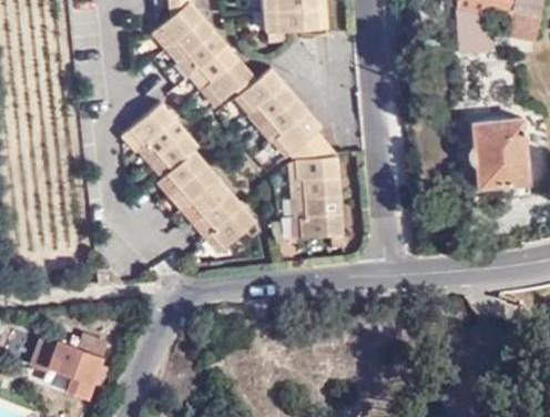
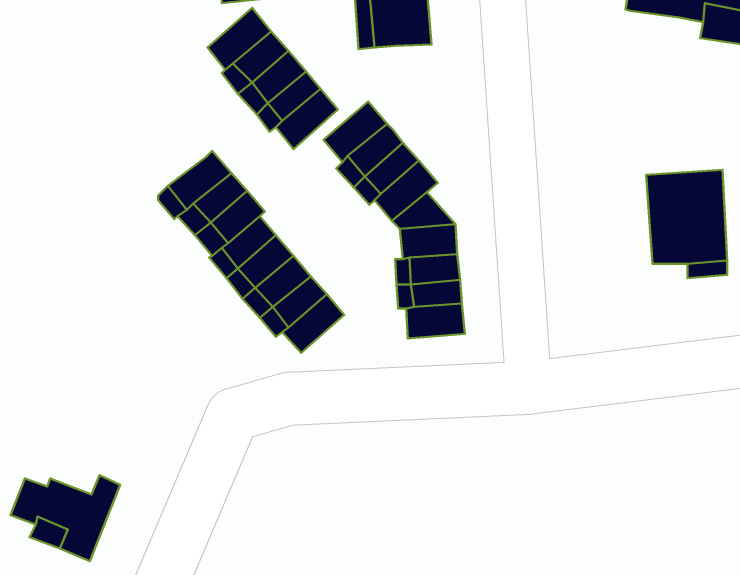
building: [457,10,496,50] -> none

